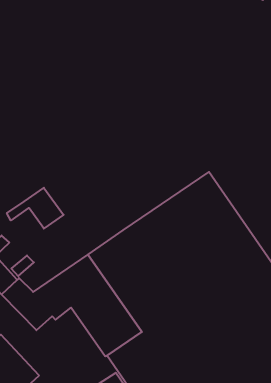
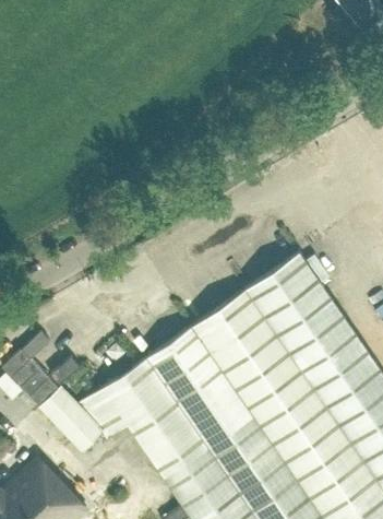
building: [7,188,64,229] -> none

